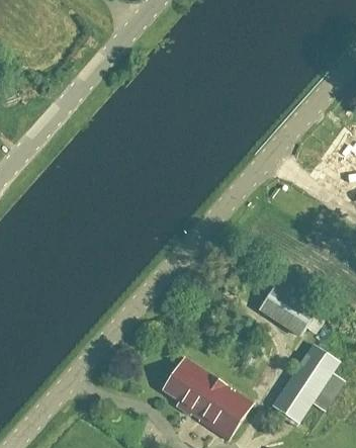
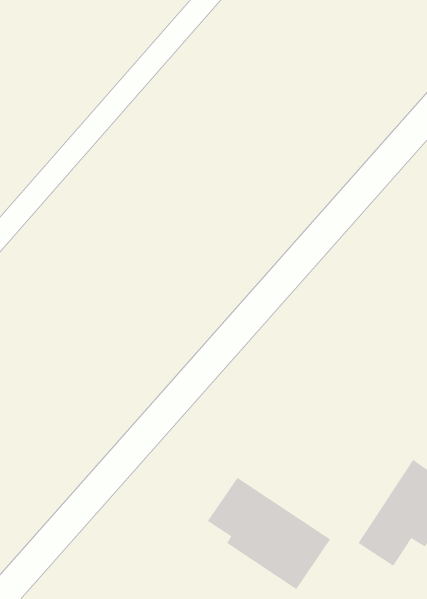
building: [259,284,318,338] -> none

